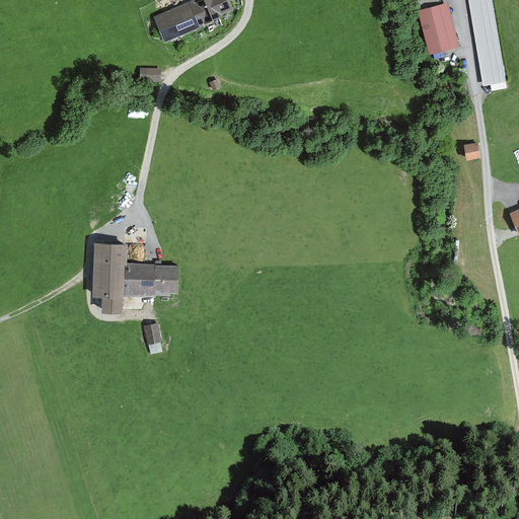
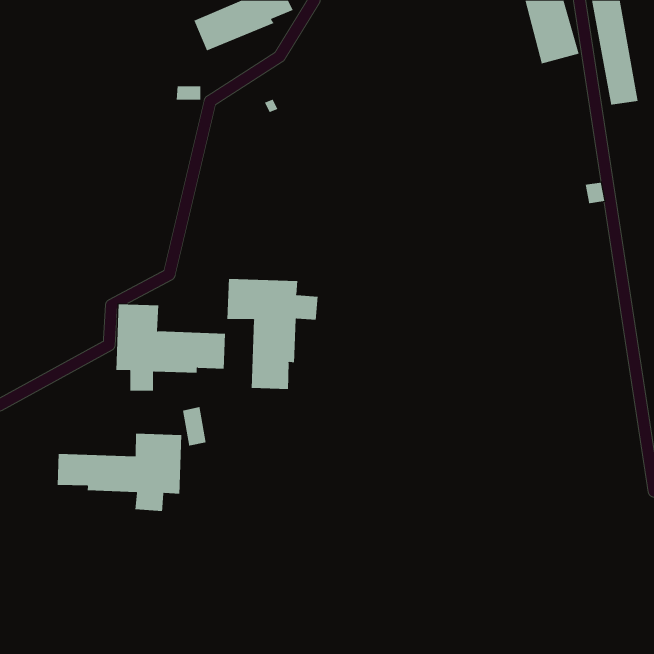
building: none -> [227,278,318,390]
building: none -> [57,433,182,512]

